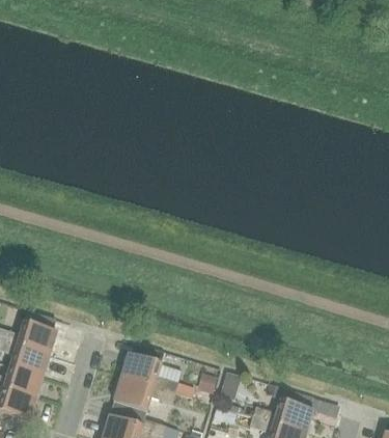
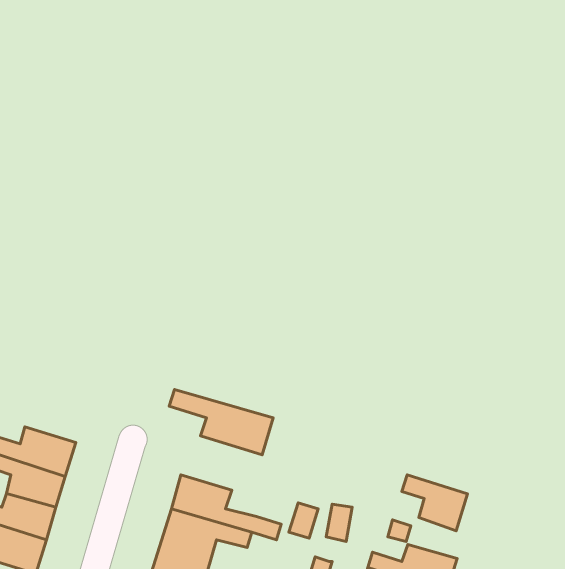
building: none -> [169,390,273,455]
building: none -> [402,475,468,531]

